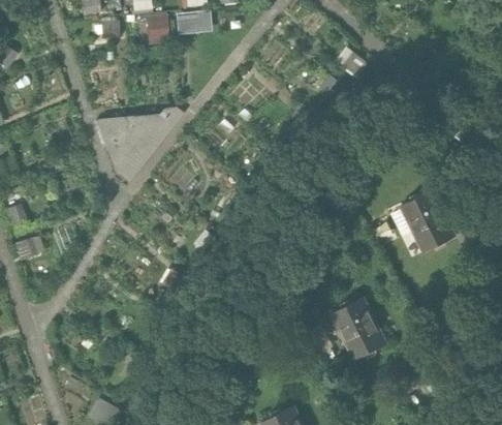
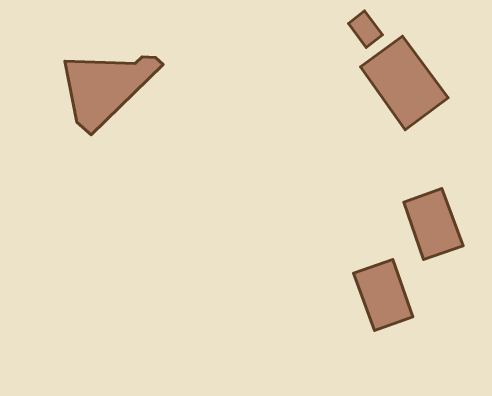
building: none -> [360,36,448,130]
building: [331,298,385,360] -> [353,260,413,331]

